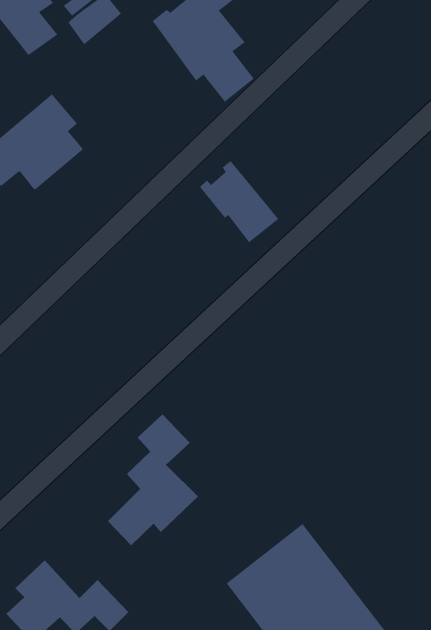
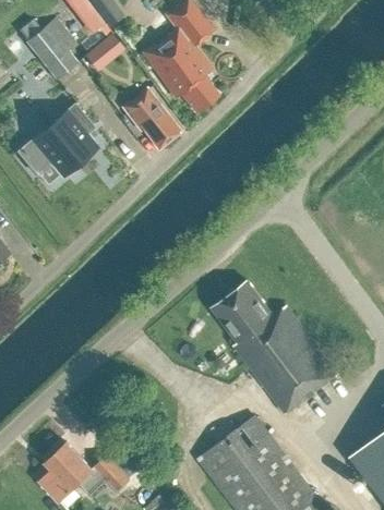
building: [199,160,279,243] -> [120,87,178,147]
building: none -> [212,282,336,414]
building: [107,414,199,546] -> none

